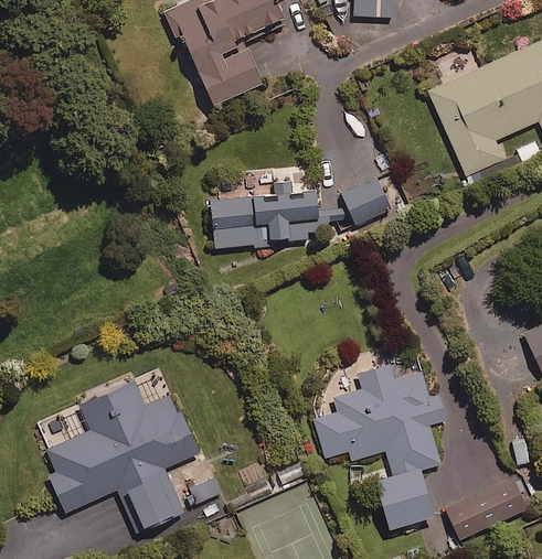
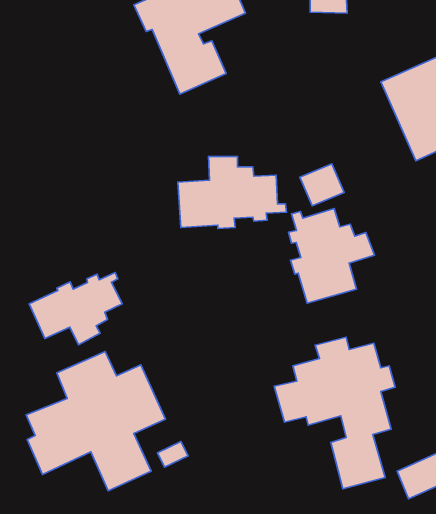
building: none -> [289,208,375,303]
building: none -> [29,272,122,345]

